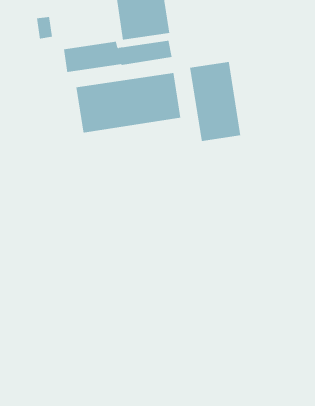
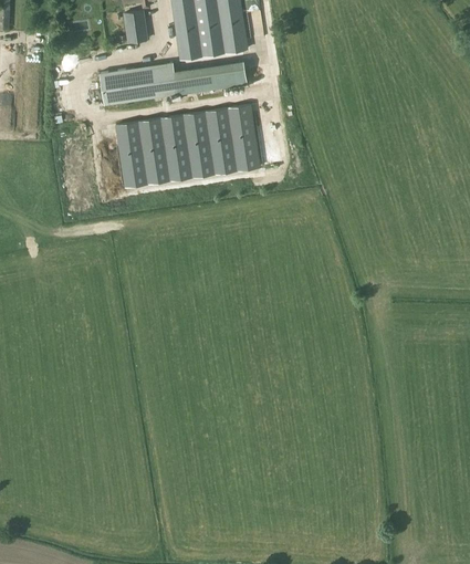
building: [36,17,53,39] -> [125,10,148,41]
building: [189,61,241,142] -> none

